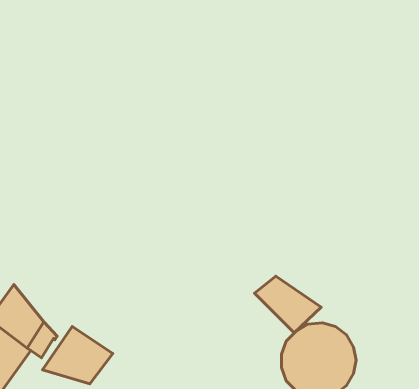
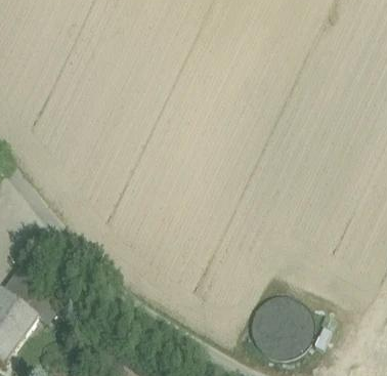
building: [255,276,321,333] -> none
building: [42,326,113,384] -> none

